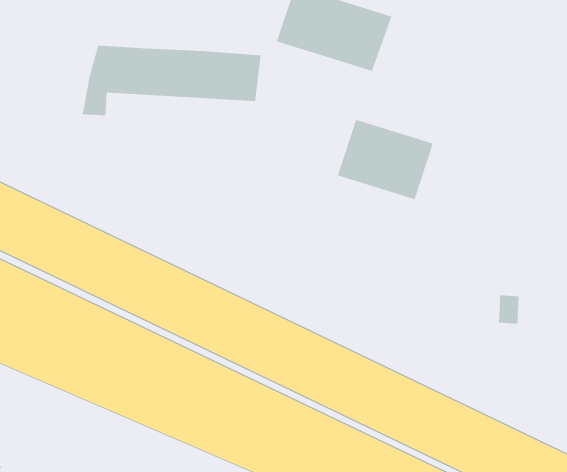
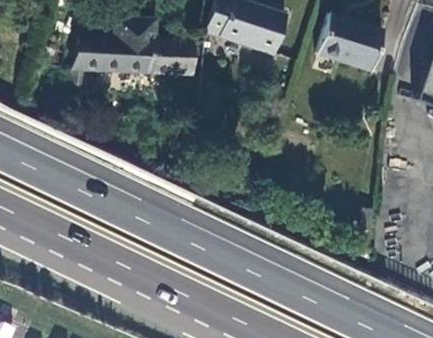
building: none -> [116,17,158,40]
building: [337,119,434,200] -> [318,15,386,72]

